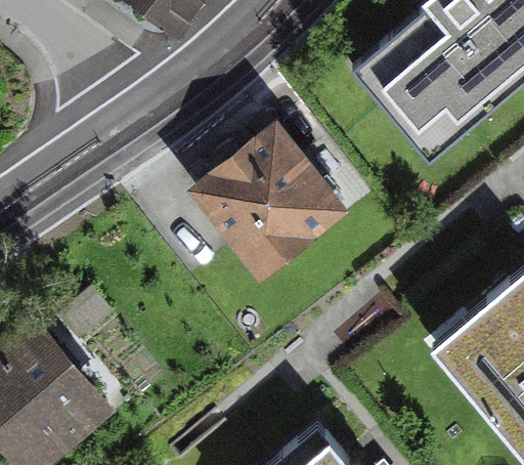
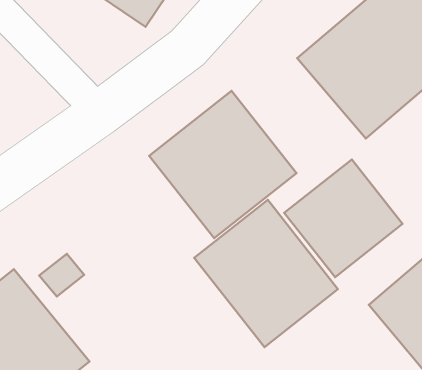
building: none -> [284,160,403,277]
building: none -> [194,200,338,347]

